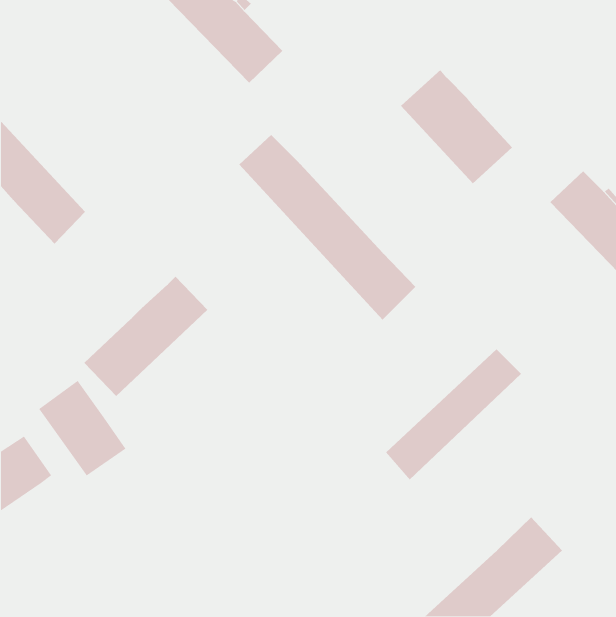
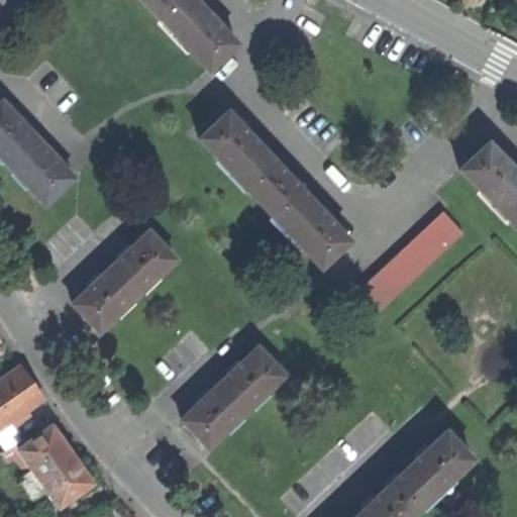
building: [400,69,513,184] -> none
building: [385,349,522,480] -> [350,211,464,321]
building: [38,380,126,477] -> [19,424,93,505]
building: none -> [183,347,284,447]

